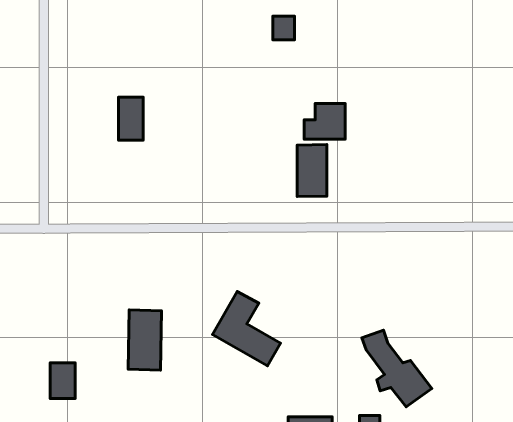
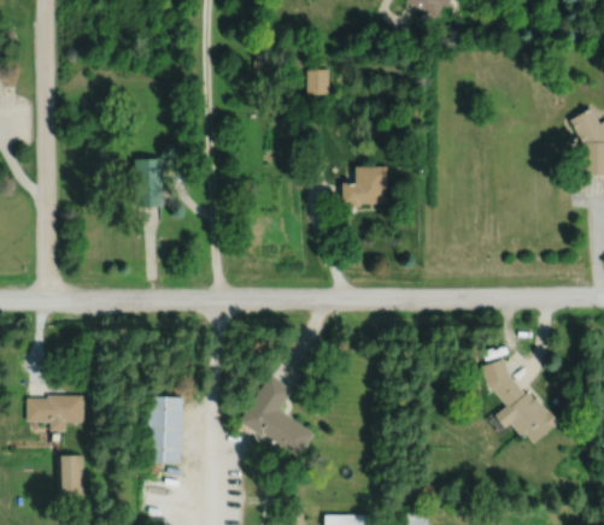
building: [297,145,327,197] -> none
building: none -> [25,396,83,430]
building: [362,330,432,407] -> [480,359,558,444]

